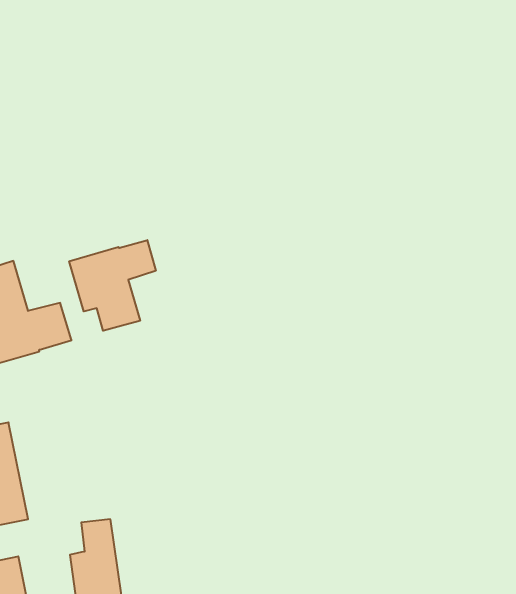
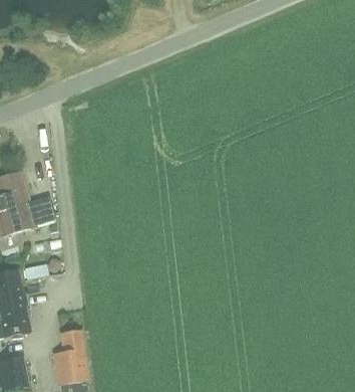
building: [69,240,156,331] -> none

